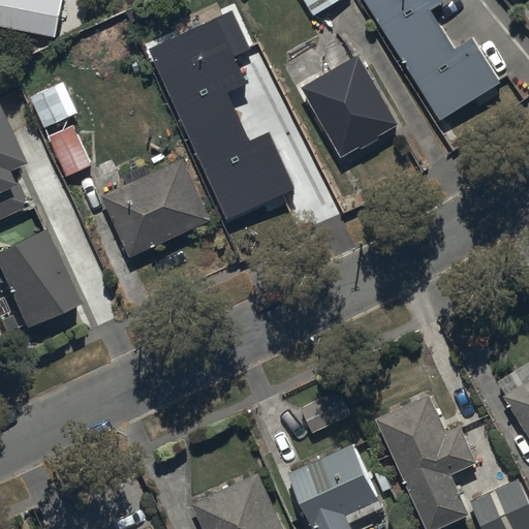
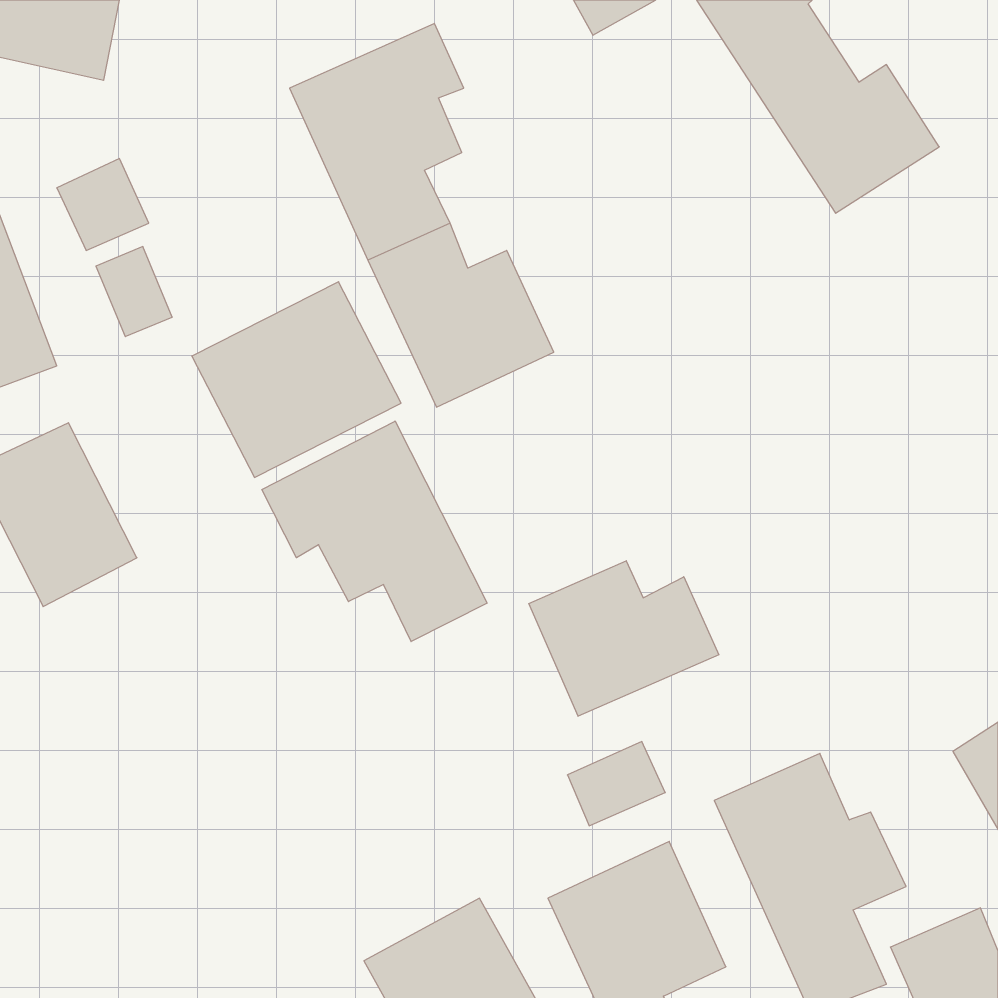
building: [299,50,400,154] -> none
building: none -> [262,421,487,642]
building: none -> [529,561,719,716]

